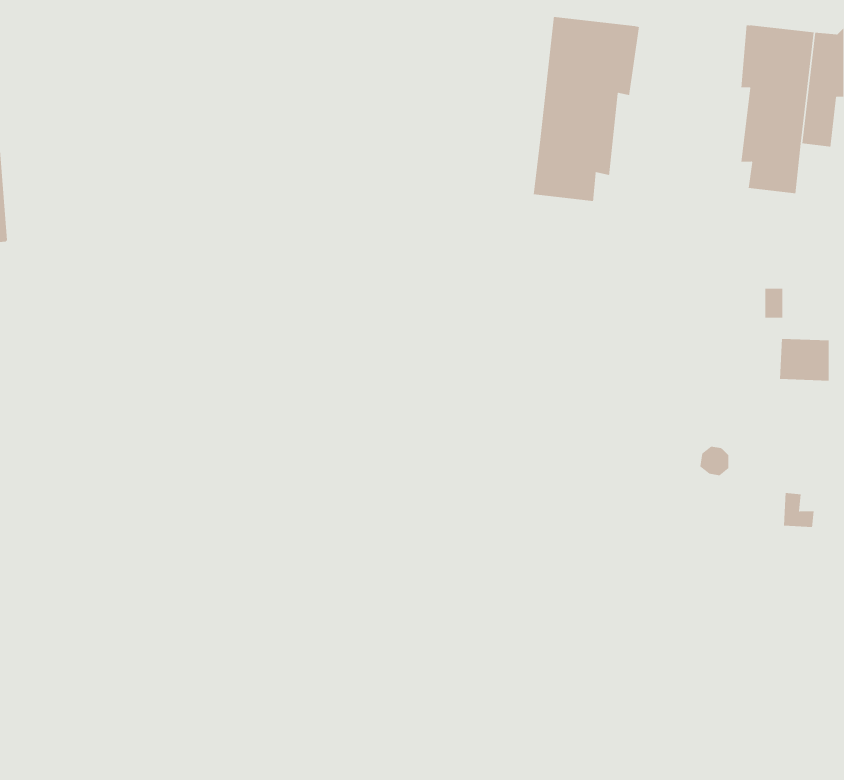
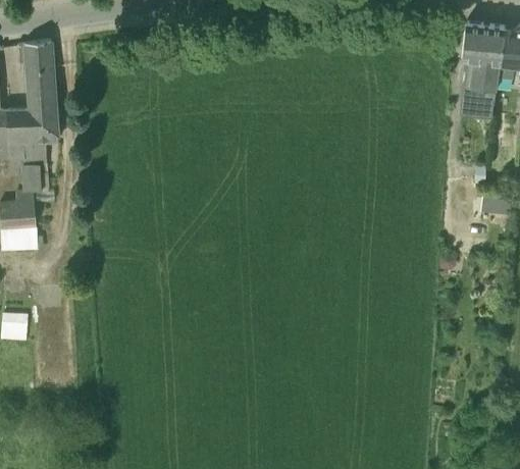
building: [533,16,640,202] -> none

